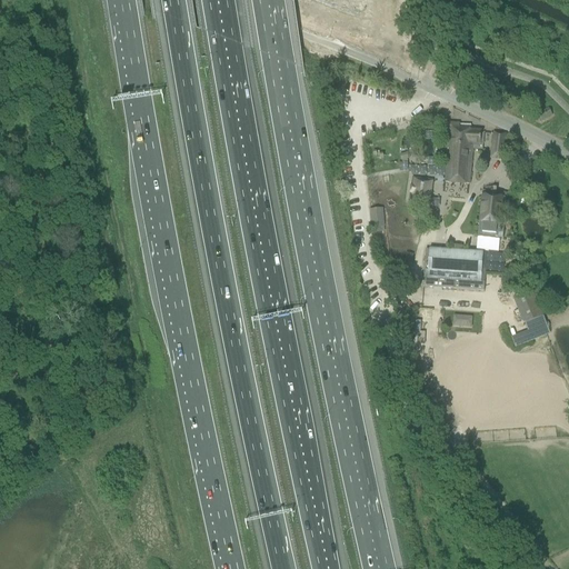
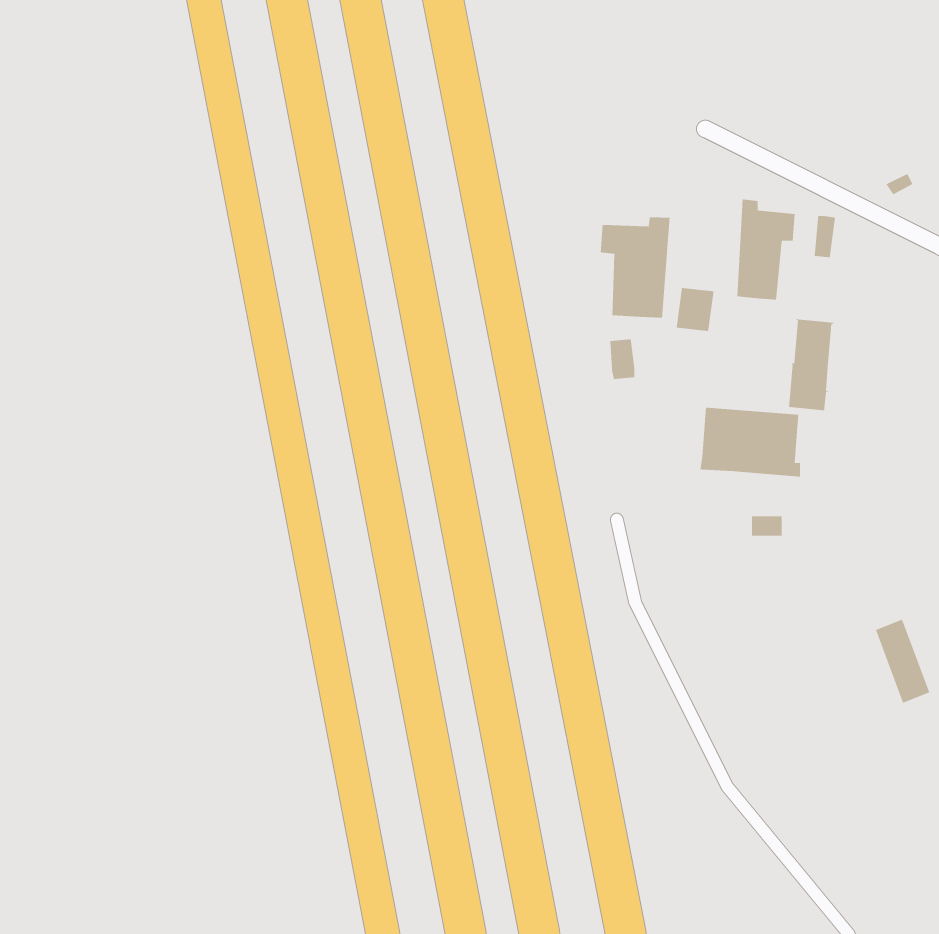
building: none -> [600,216,670,318]
building: [516,286,549,337] -> [875,619,930,703]

